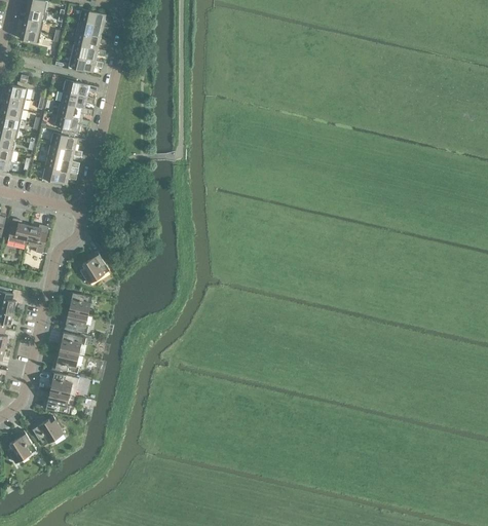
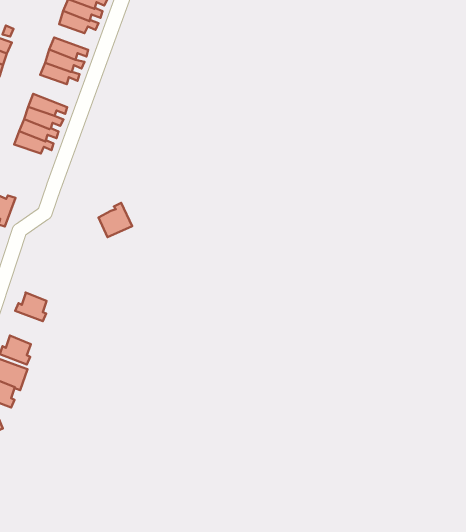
building: [52,114,87,134] -> none
building: [77,251,108,283] -> [99,203,132,237]
building: [67,291,90,314] -> none
building: [58,331,85,355] -> none

